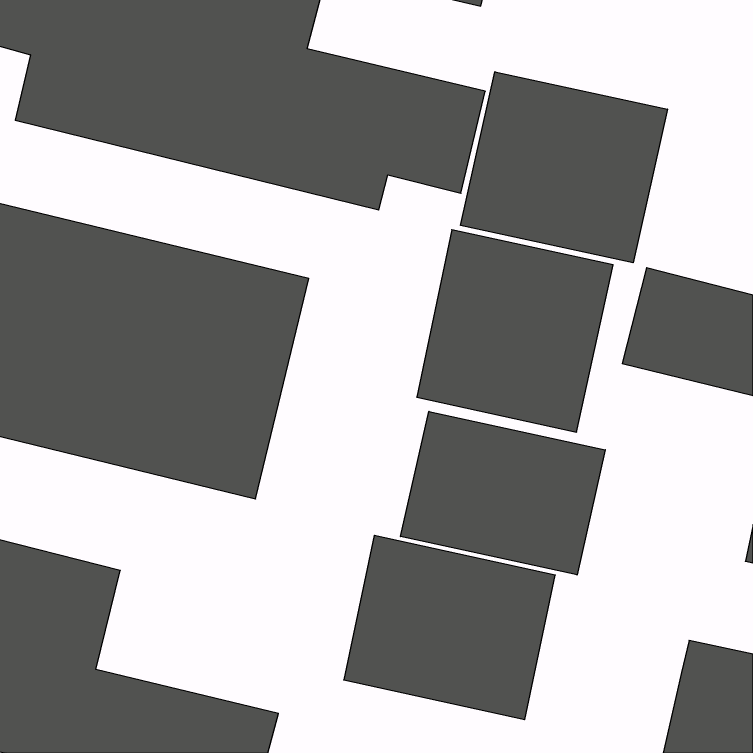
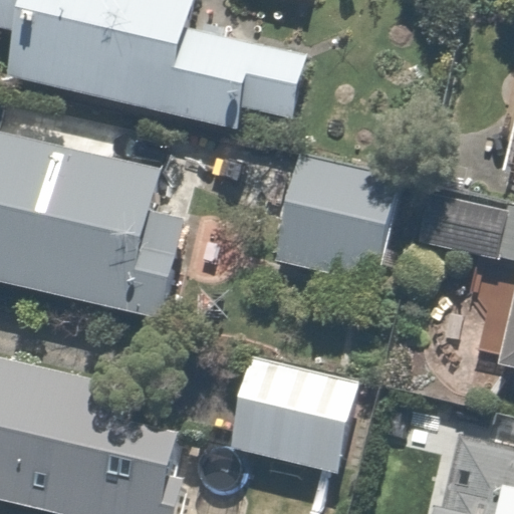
building: [461,72,667,263] -> none
building: [401,411,605,575] -> none

